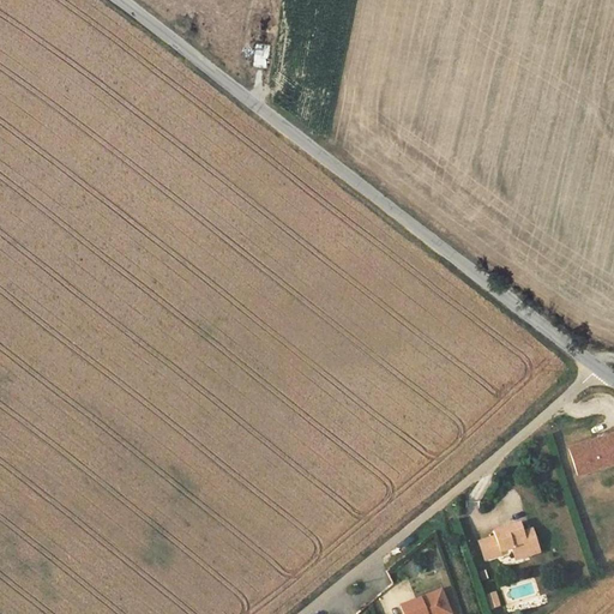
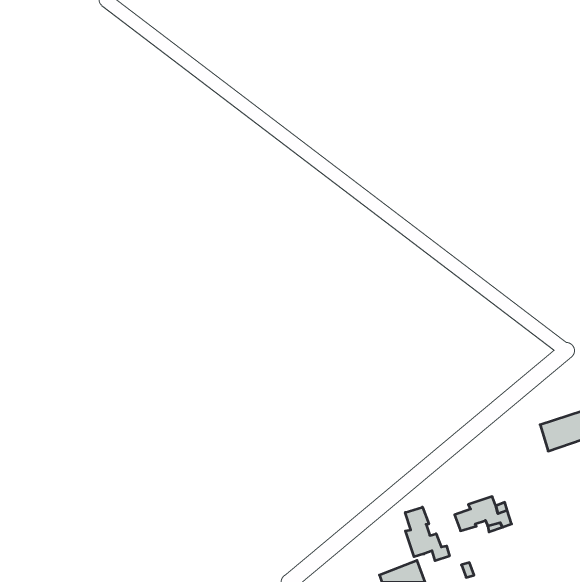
building: none -> [405,507,449,561]

